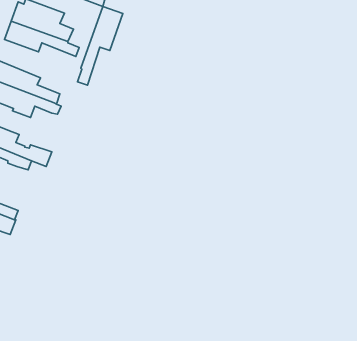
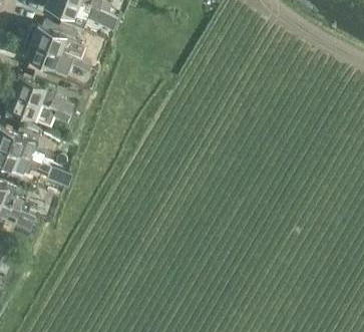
building: [78,7,123,85] -> none

